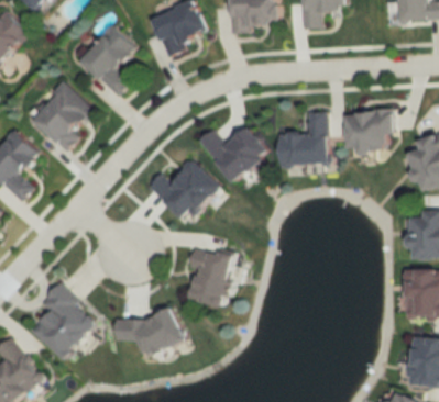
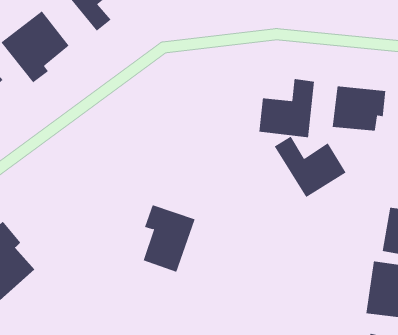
building: [197,129,267,183] -> [274,136,346,198]
building: [146,161,219,220] -> none
building: [114,316,176,349] -> none

